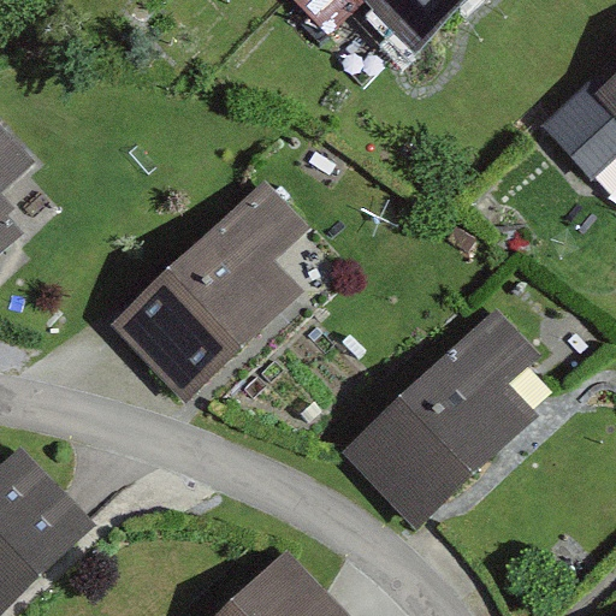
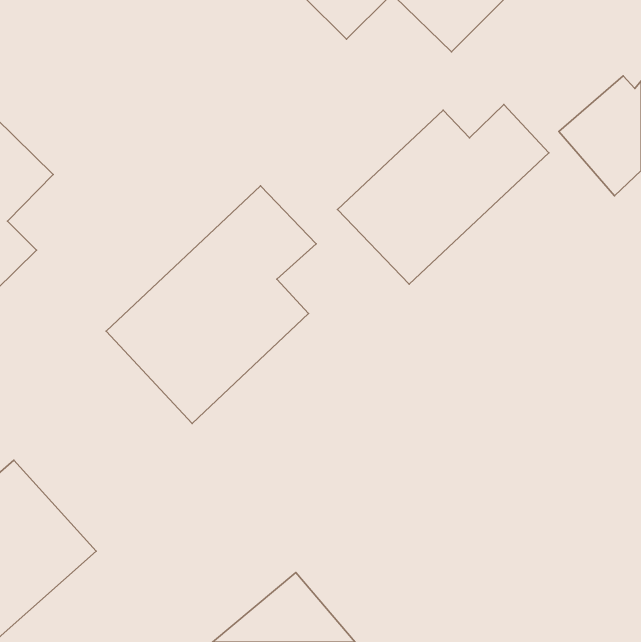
building: none -> [338,104,549,284]
building: [359,308,555,533] -> none

